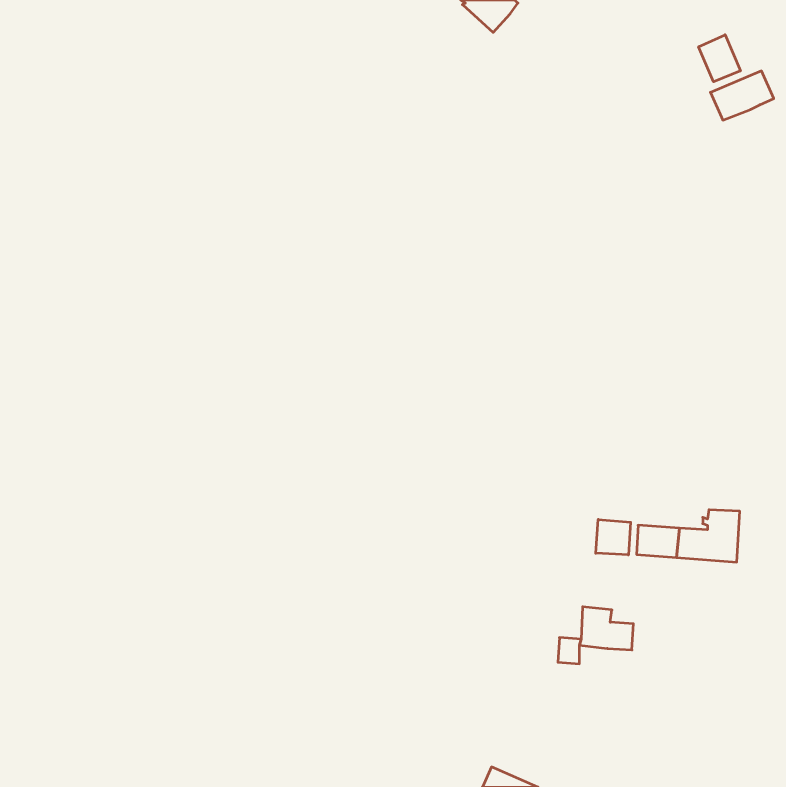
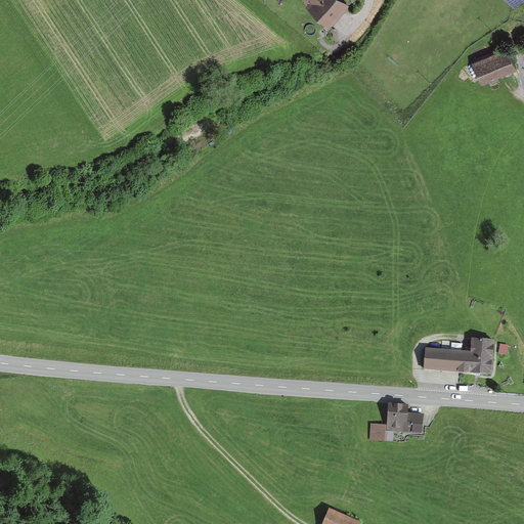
building: [699,35,740,82] -> none
building: [596,519,631,555] -> none

